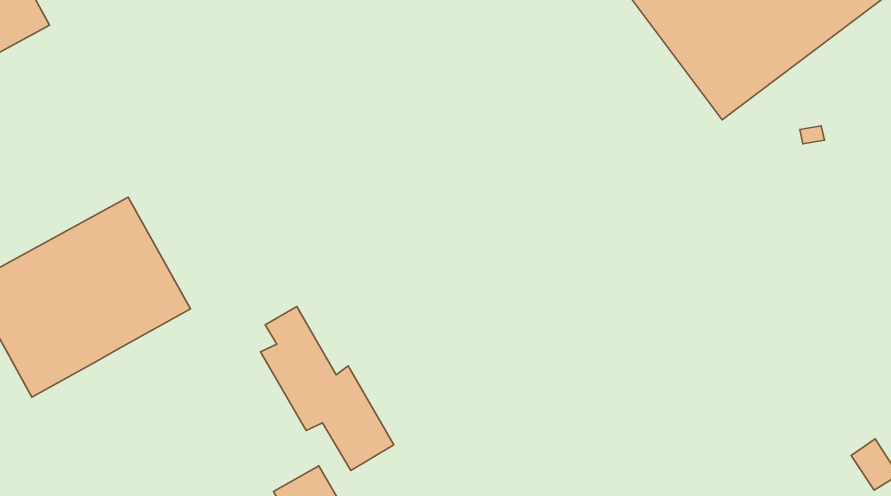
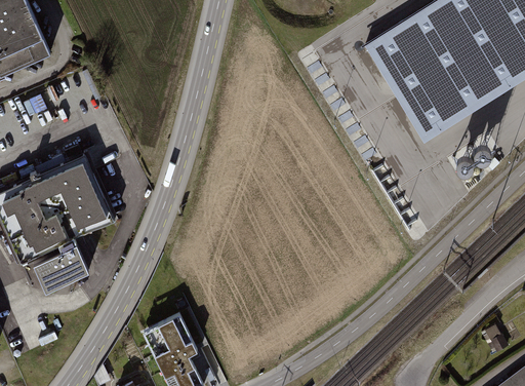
building: [260,306,394,470] -> none
building: none -> [35,237,89,290]

